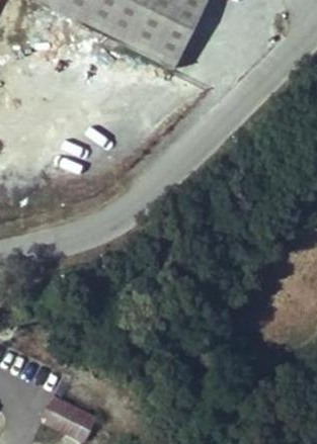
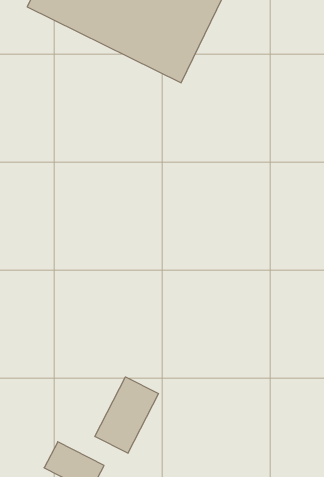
building: none -> [95,377,158,453]

